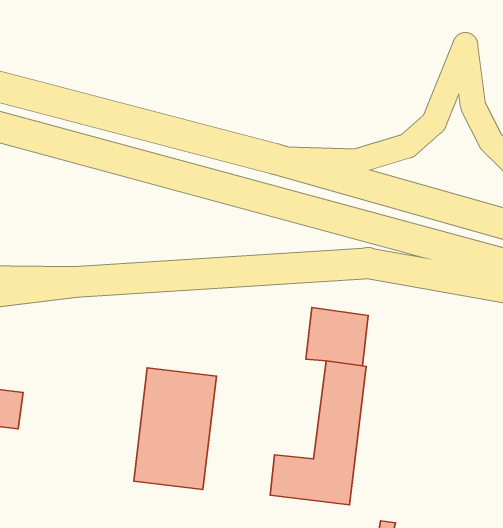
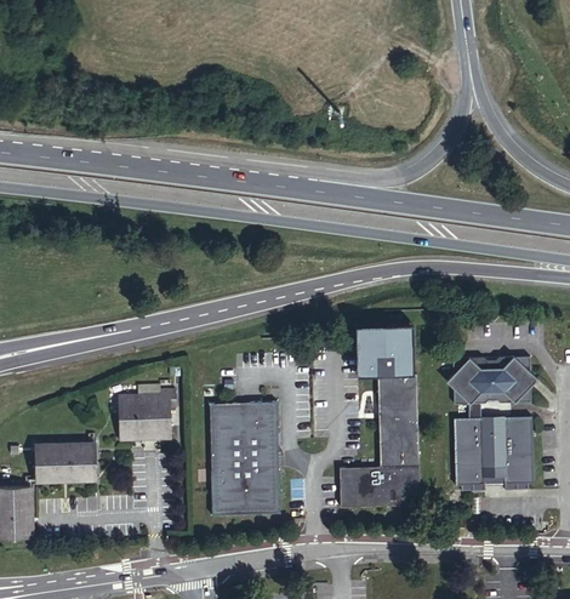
building: none -> [119,390,178,440]
building: none -> [446,354,537,406]
building: none -> [455,417,530,491]

